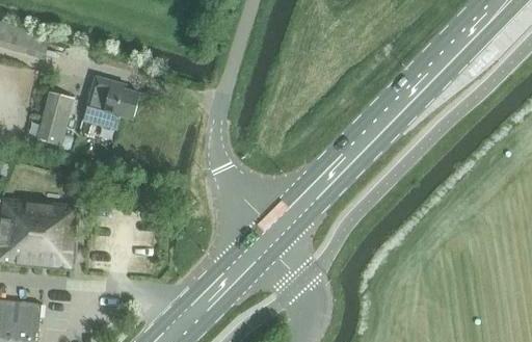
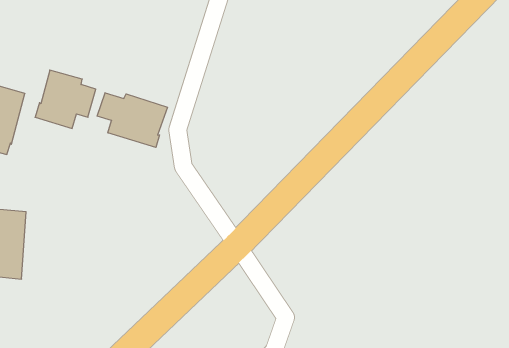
building: none -> [97,93,168,147]

